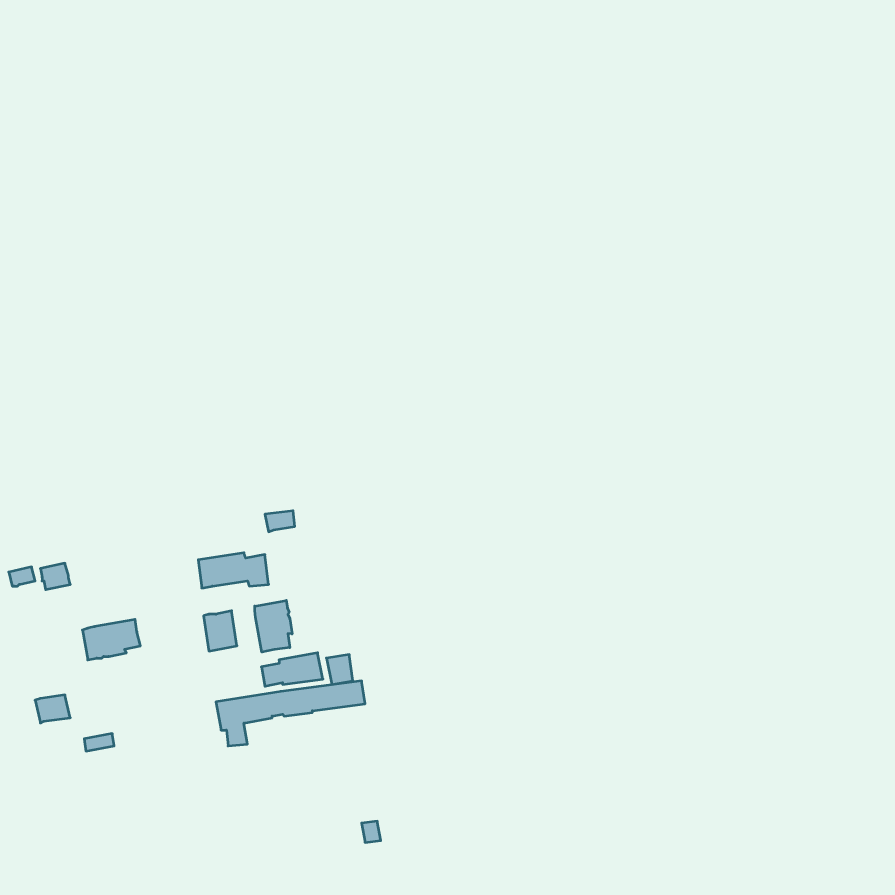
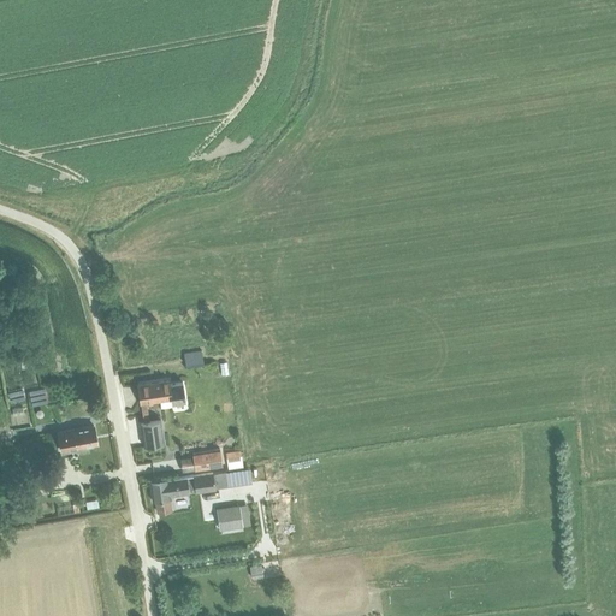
building: [255,600,292,652] -> none
building: none -> [215,505,242,531]

